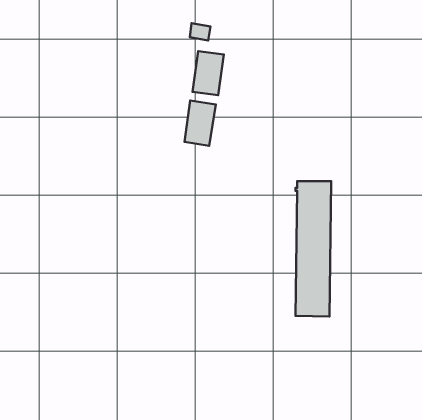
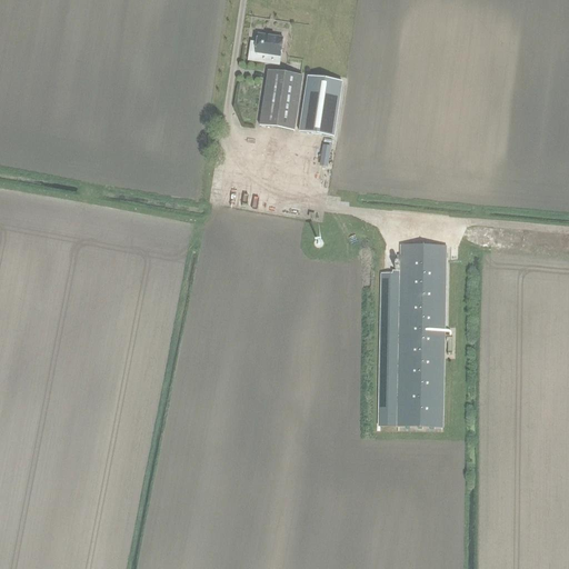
building: [185,100,216,146] -> [299,73,341,134]
building: none -> [378,271,399,423]

